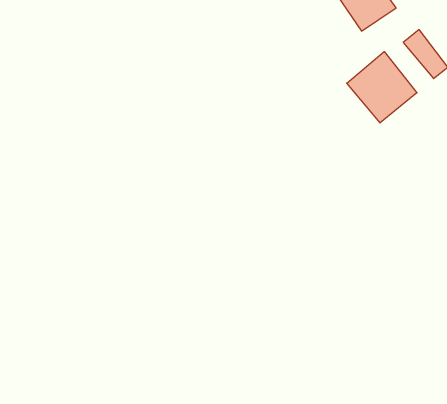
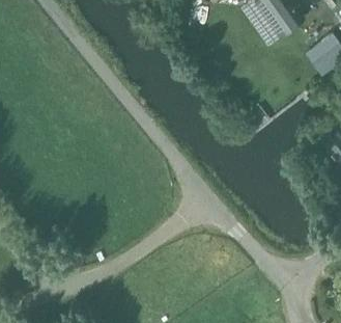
building: [347,52,417,123] -> none

